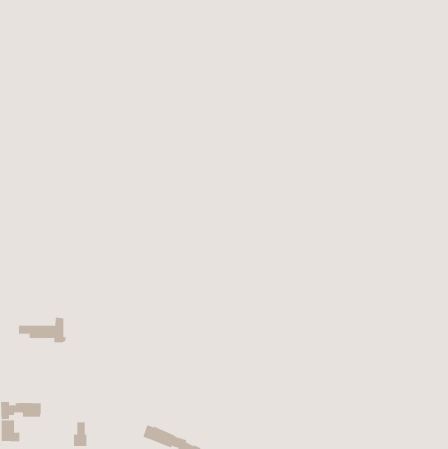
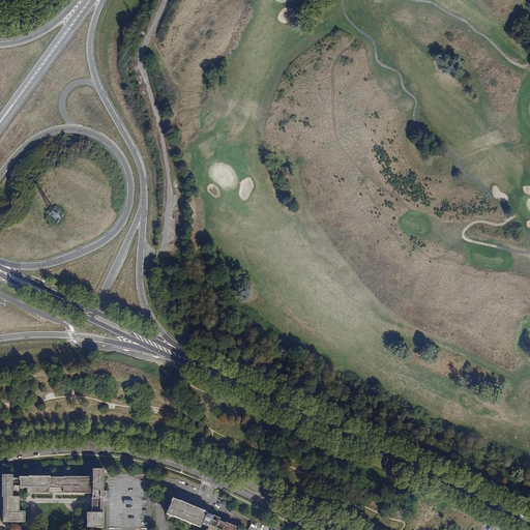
building: [18,317,67,343] -> [49,467,106,497]

